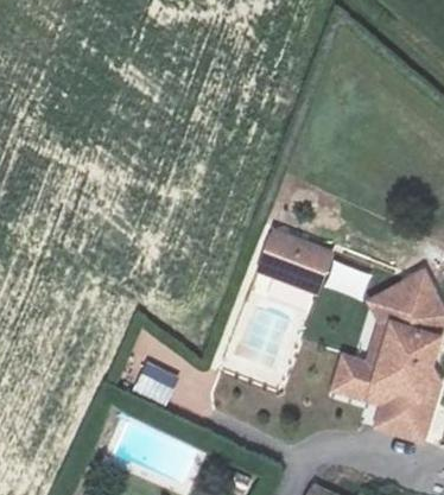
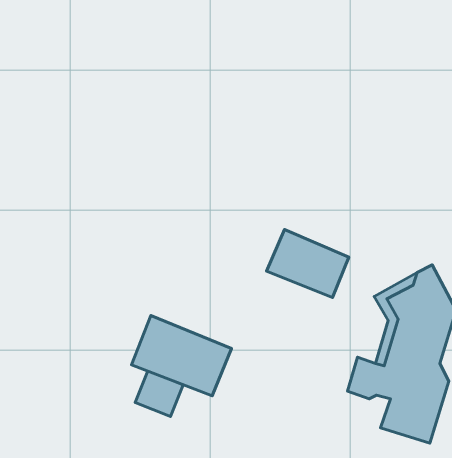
building: none -> [132,315,232,396]

